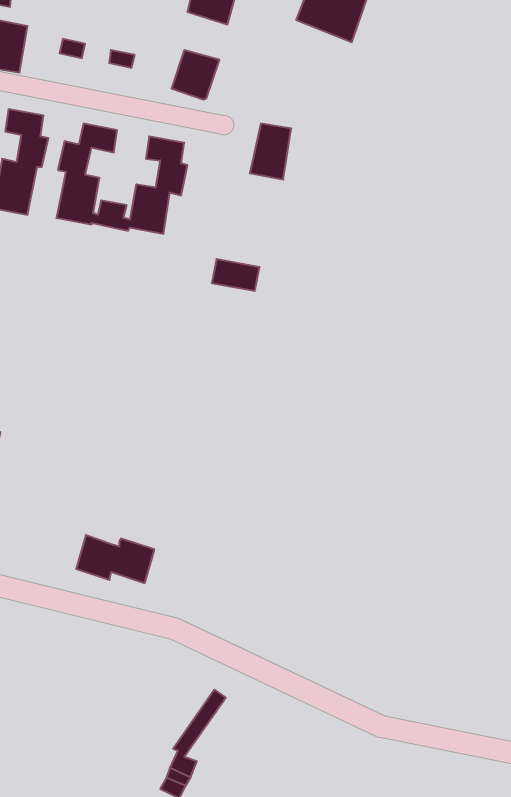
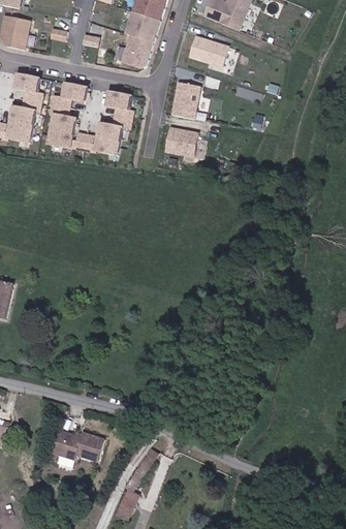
building: none -> [125,10,159,41]
building: none -> [190,36,228,67]
building: [212,259,260,291] -> [167,128,198,149]
building: [76,535,154,583] -> [53,430,103,461]

